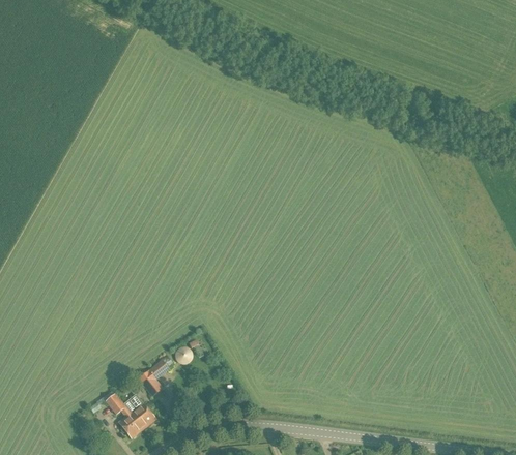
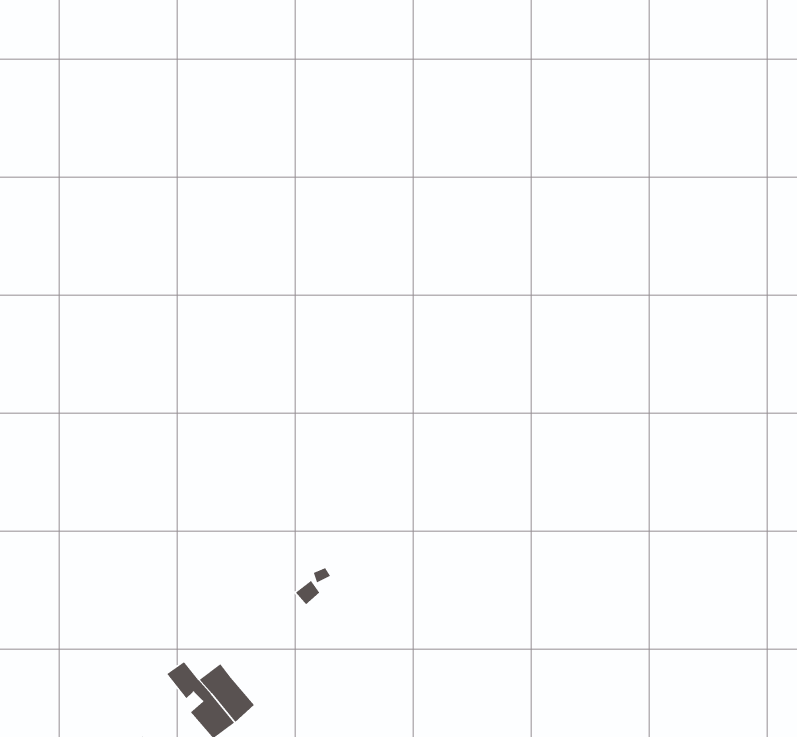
building: [138,360,169,397] -> none

